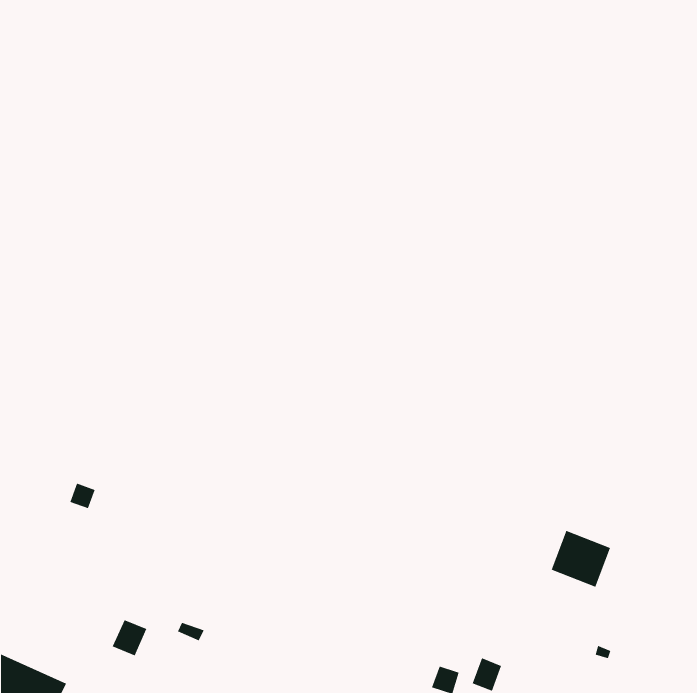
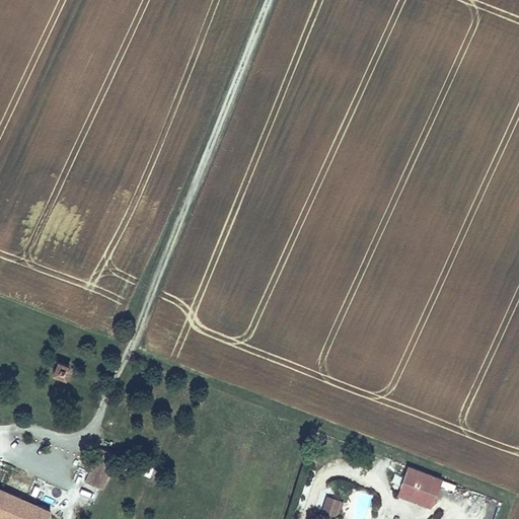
building: [551,530,611,587] -> [396,467,441,510]

